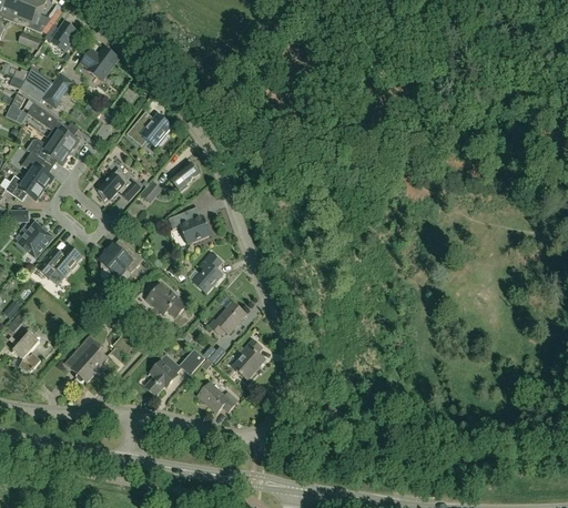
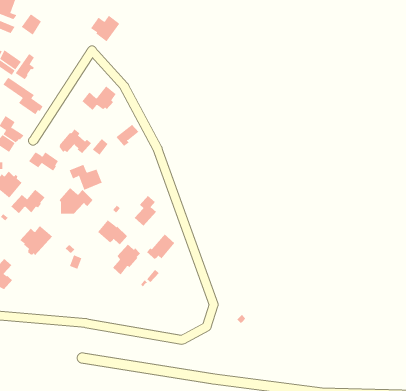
building: [81,47,119,81] -> [90,15,120,42]
building: [30,140,69,165] -> [28,151,59,172]
building: [168,211,211,244] -> [69,164,103,190]
building: [232,339,264,379] -> none
building: [65,344,108,383] -> [20,225,53,256]
building: [144,356,181,396] -> [112,244,141,275]
building: [197,383,237,413] -> none

